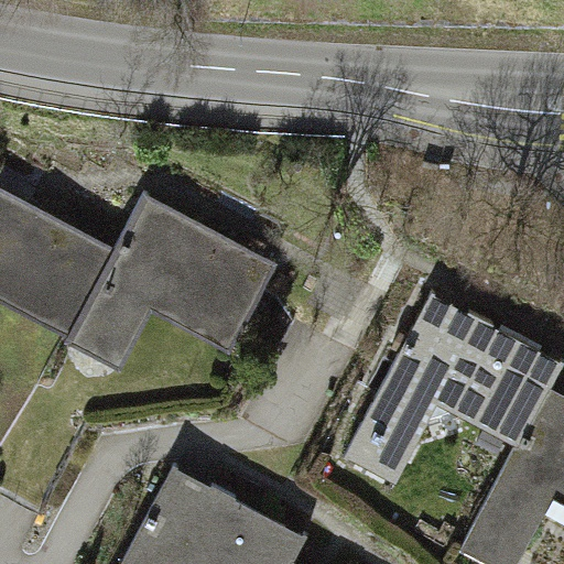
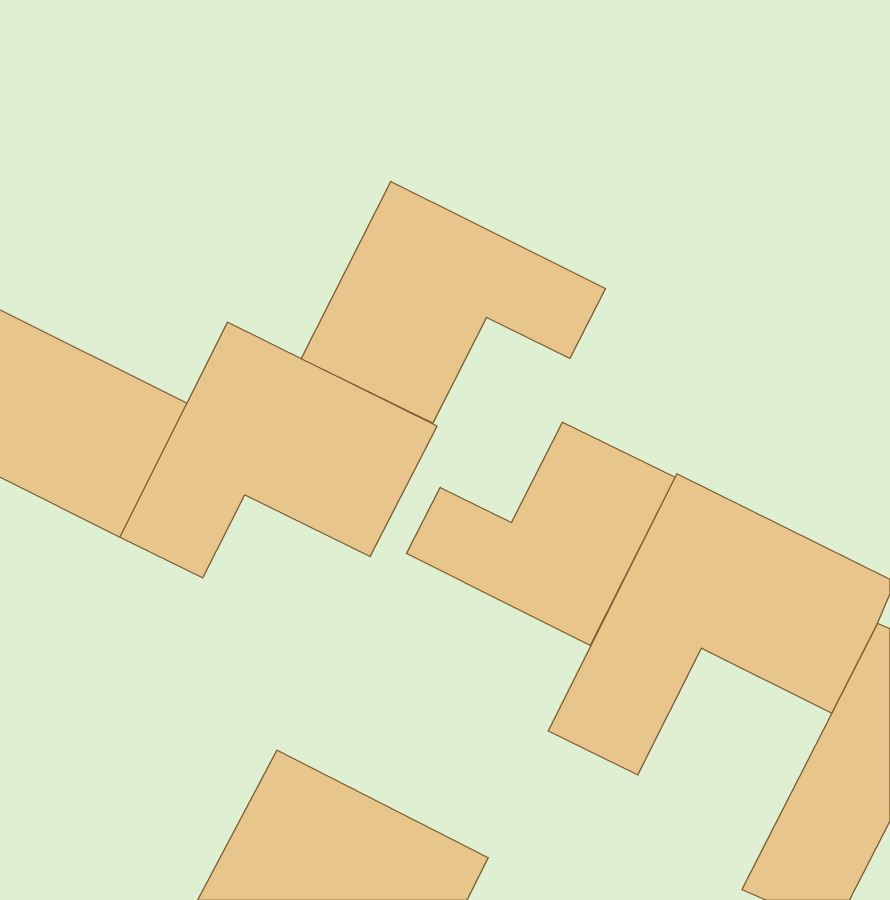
building: none -> [301,181,606,423]
building: none -> [406,422,675,645]

